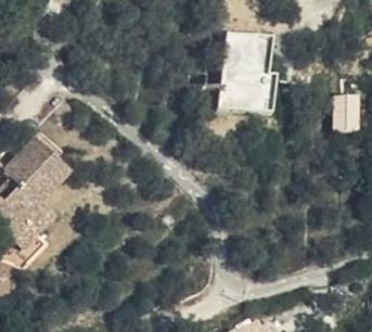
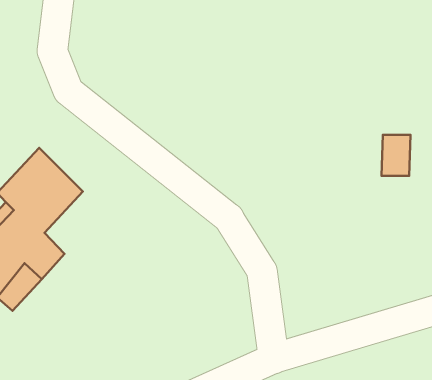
building: [225,28,274,108] -> none

